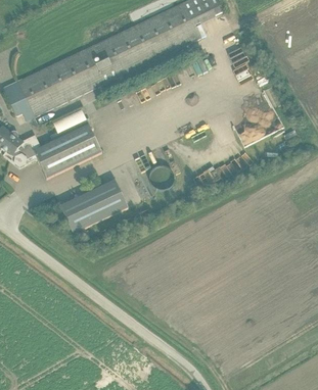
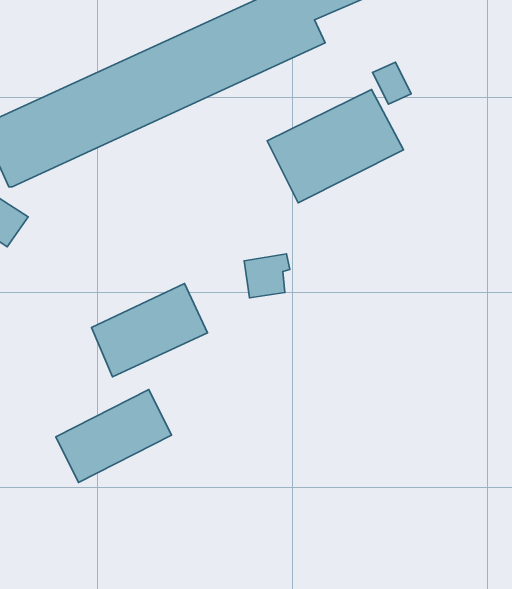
building: none -> [267,89,404,203]
building: [35,121,102,176] -> [56,389,172,483]

